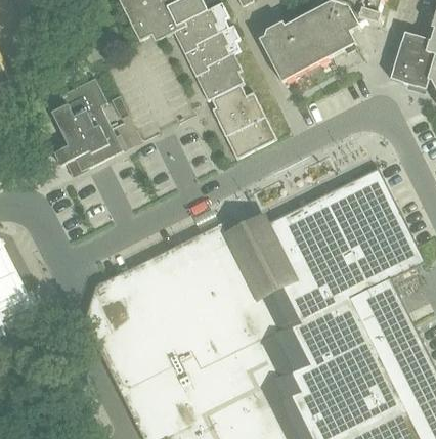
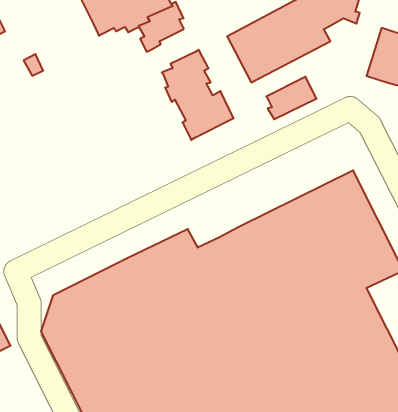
building: [187,31,229,78] -> none
building: [51,77,131,174] -> none
building: [228,118,275,158] -> [266,77,317,119]

